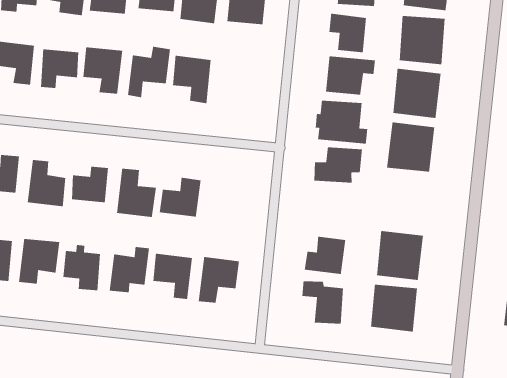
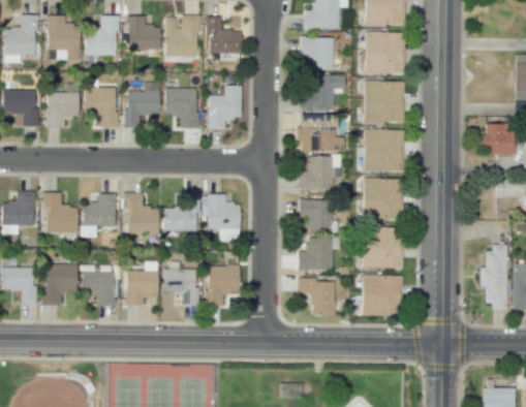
building: none -> [208,86,242,130]
building: none -> [362,179,402,221]
building: none -> [202,195,240,242]
building: none -> [299,200,332,233]

